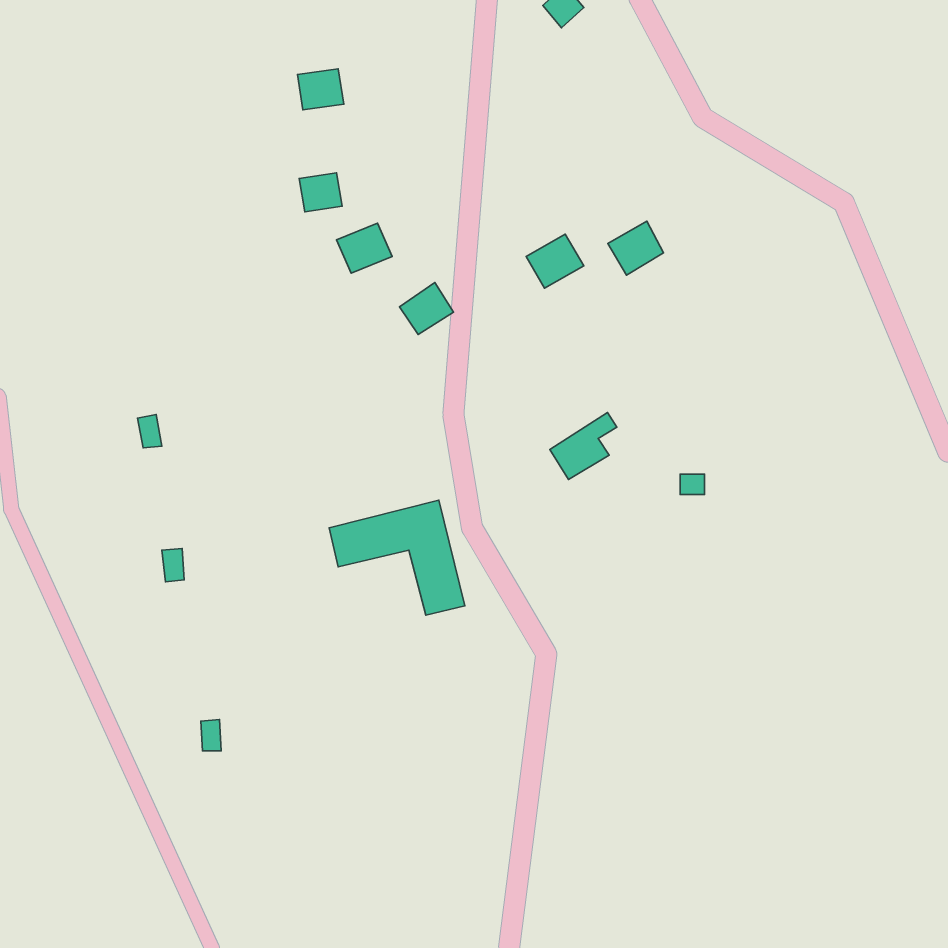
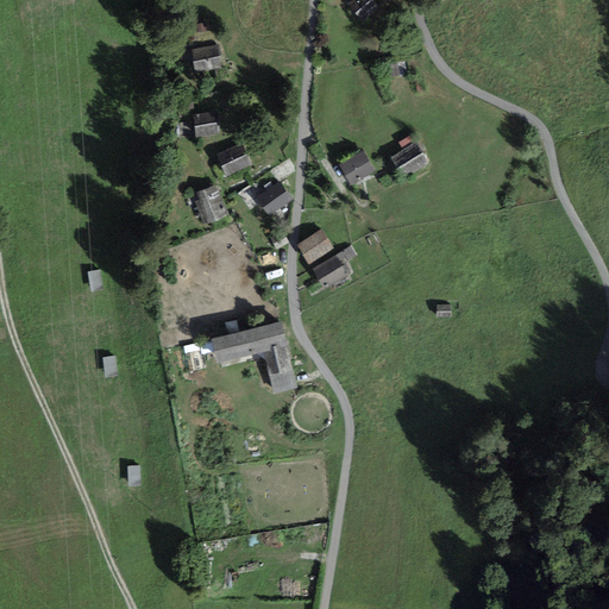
building: none -> [194,184,227,224]
building: none -> [295,228,333,264]
building: [550,412,617,479] -> [312,245,354,288]

